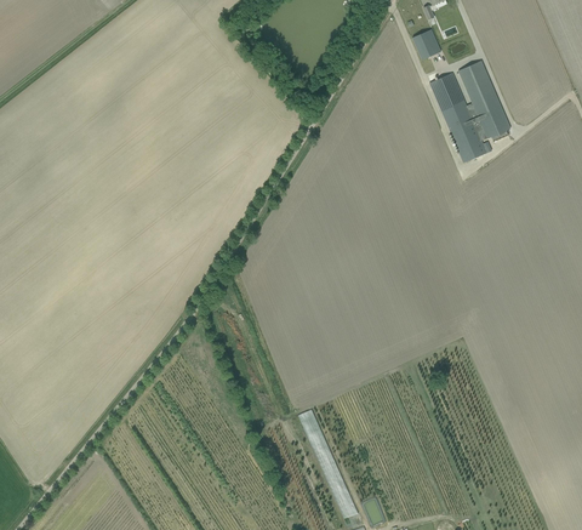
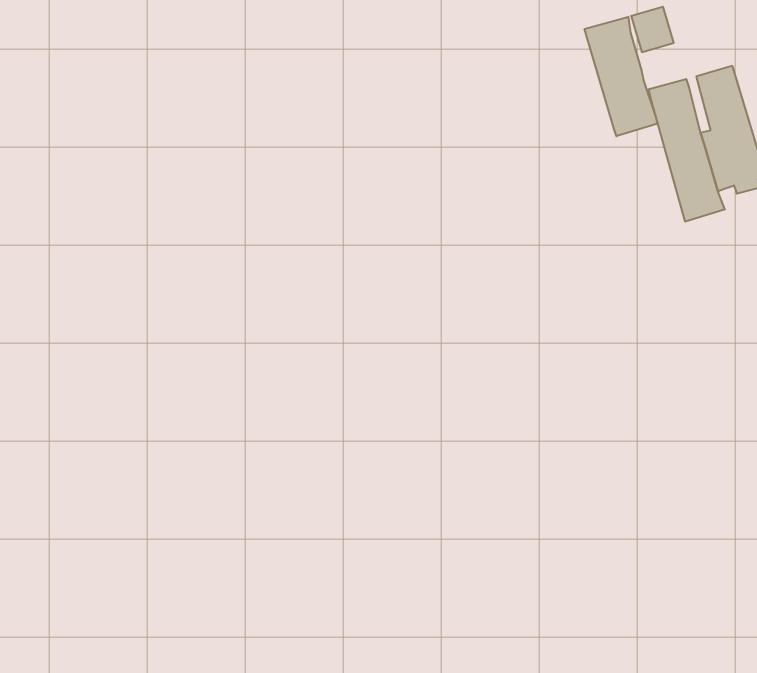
building: none -> [585,17,657,136]

